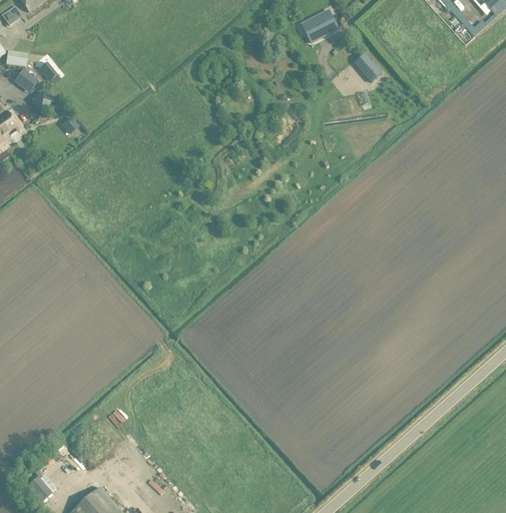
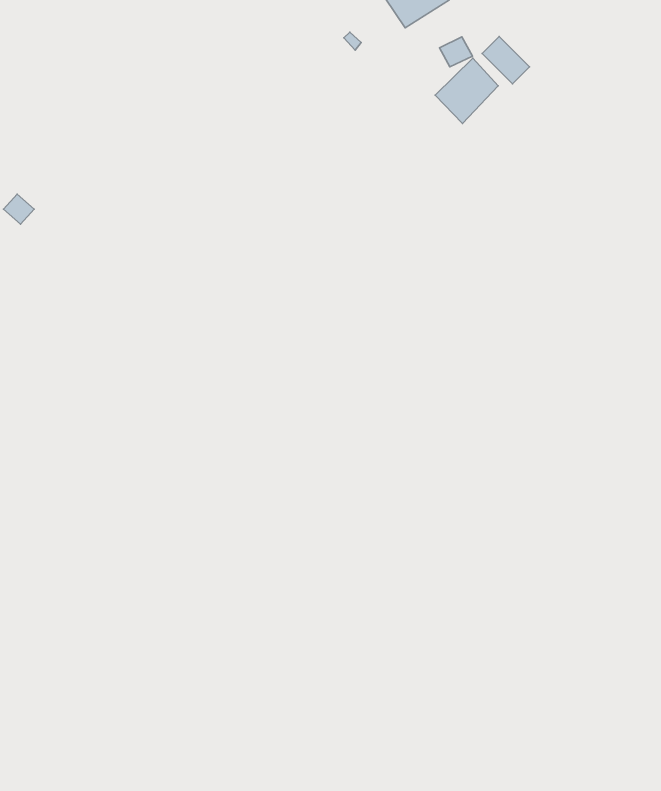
building: none -> [435,58,498,123]

